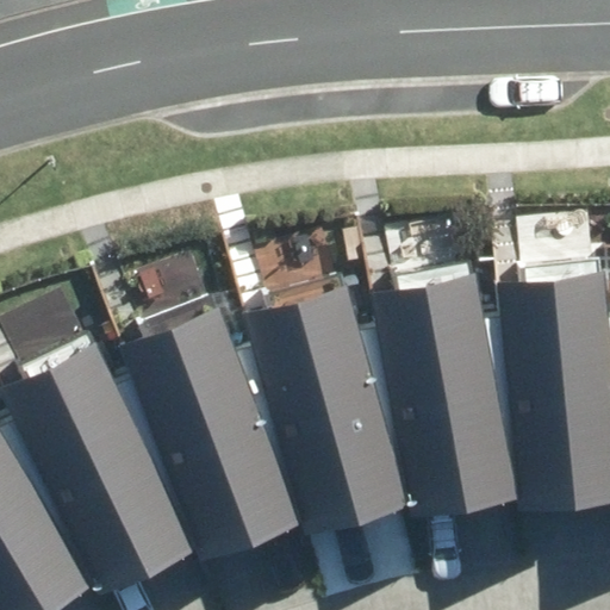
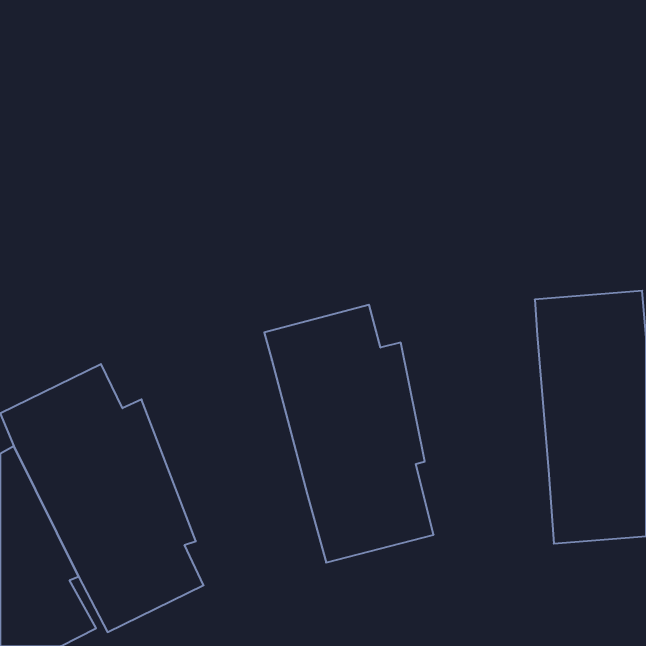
building: [371,274,518,517] -> none
building: [122,305,301,556] -> none

